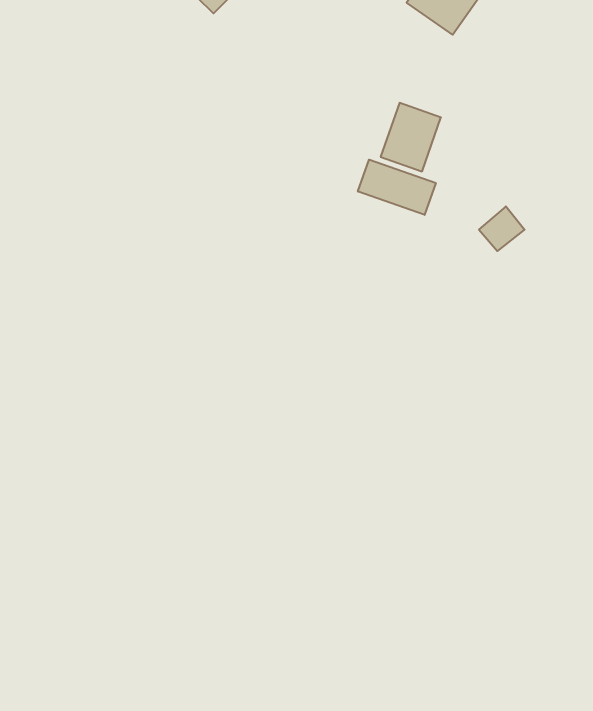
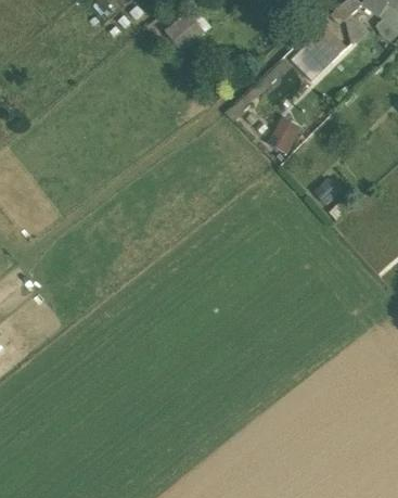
building: [358,160,436,215] -> none

